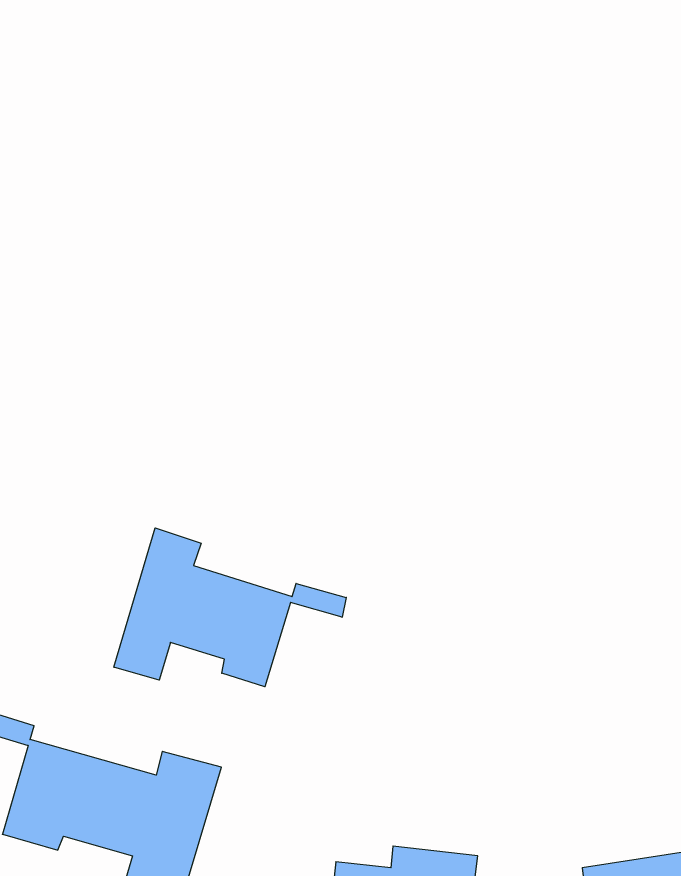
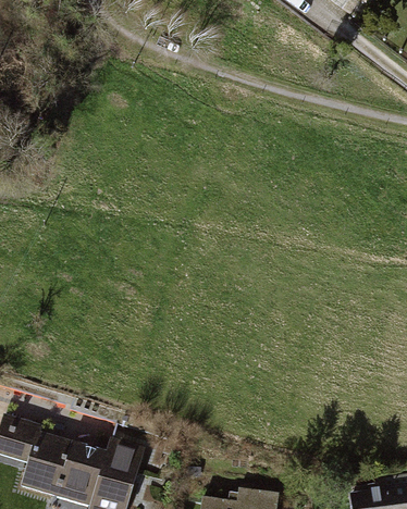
building: [114,528,346,687] -> none

